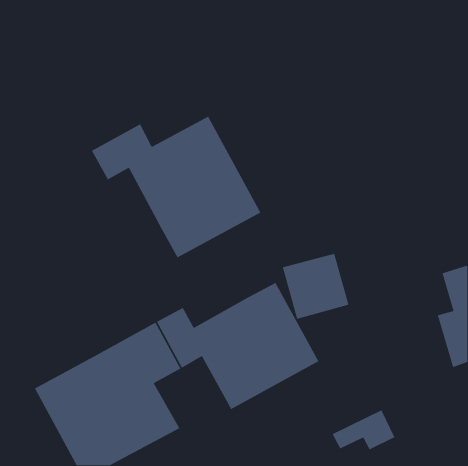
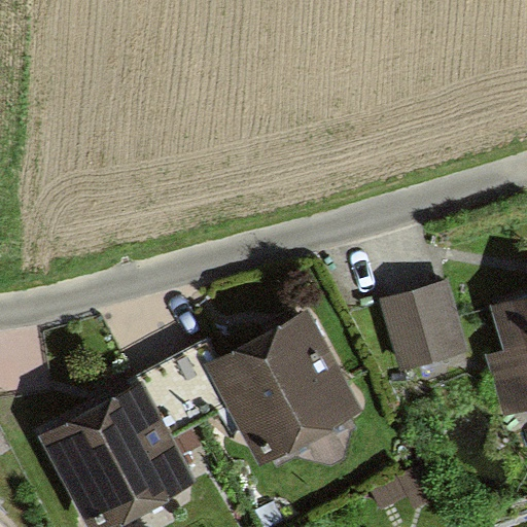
building: [91,115,262,258] -> none
building: [282,253,350,320] -> [388,286,464,361]

